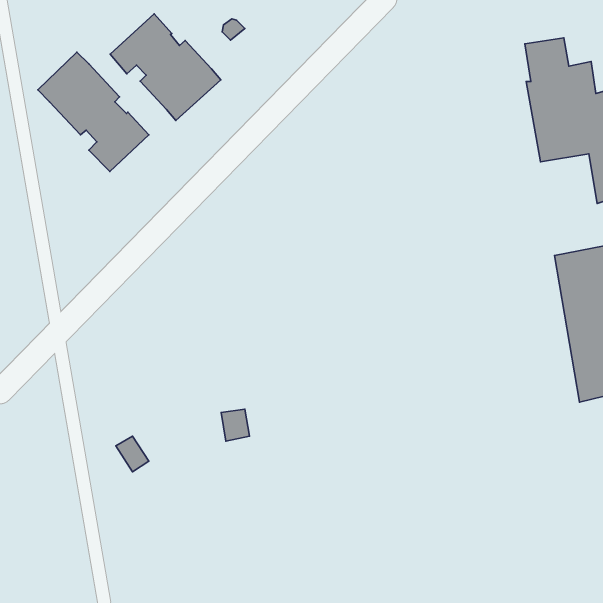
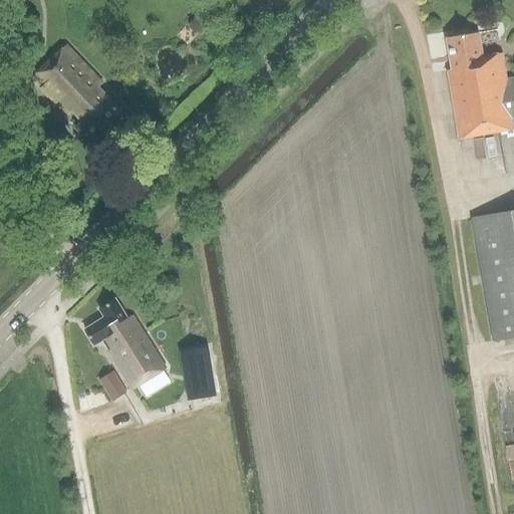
building: [110,14,221,120] -> none
building: none -> [85,298,166,389]

